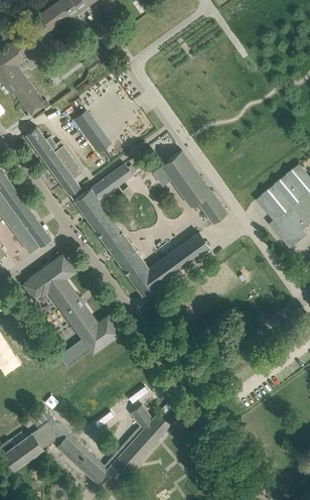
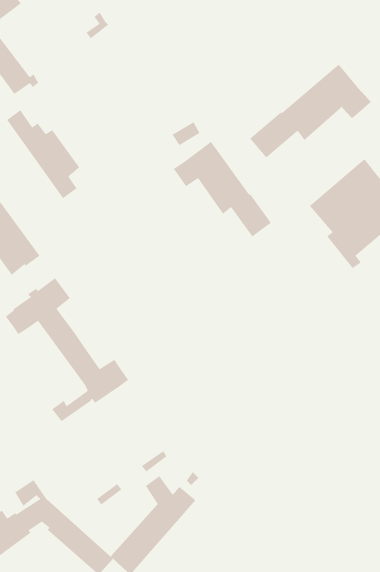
building: none -> [249,64,372,158]
building: [72,109,111,152] -> none
building: [73,165,207,296] -> none

